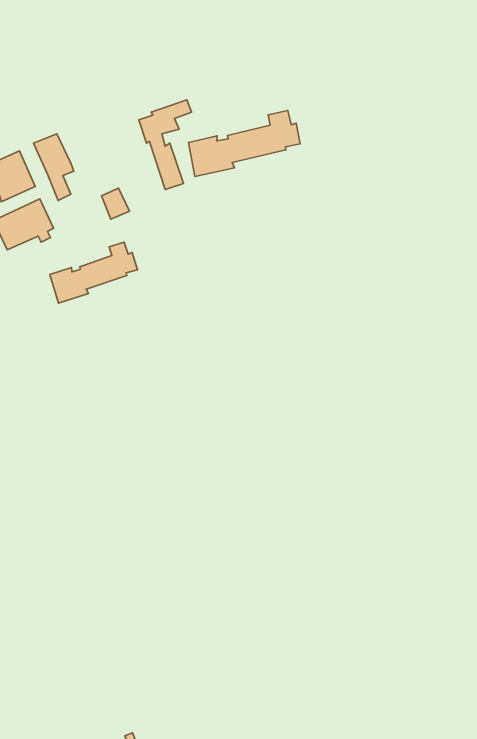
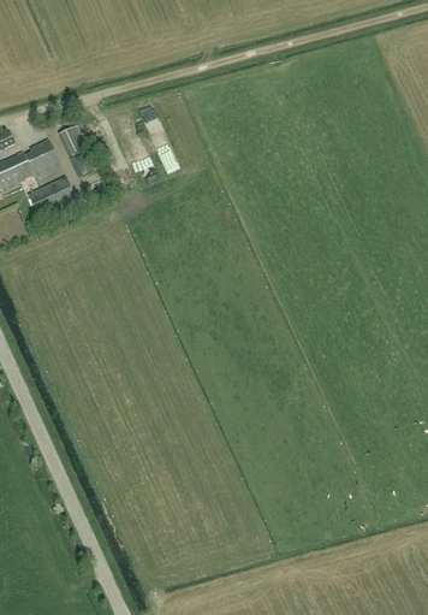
building: [189,110,300,176] -> none
building: [50,242,137,303] -> none

